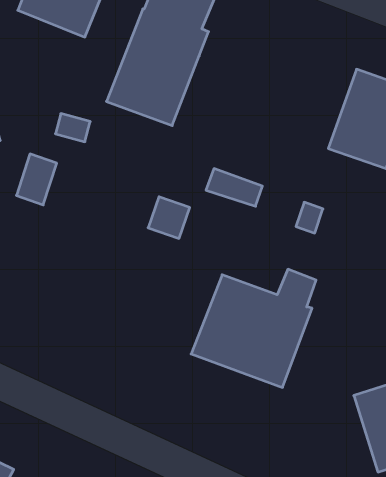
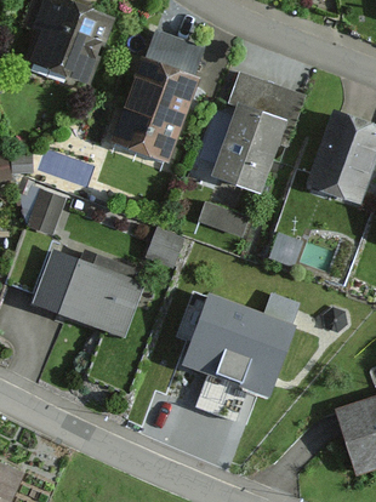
building: none -> [209,70,306,198]
building: none -> [32,250,142,337]

